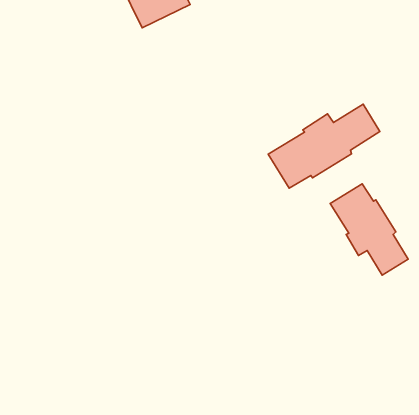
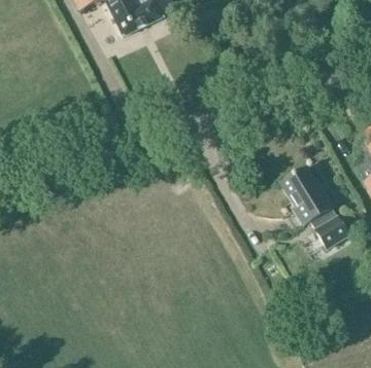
building: [268,104,380,188] -> none

